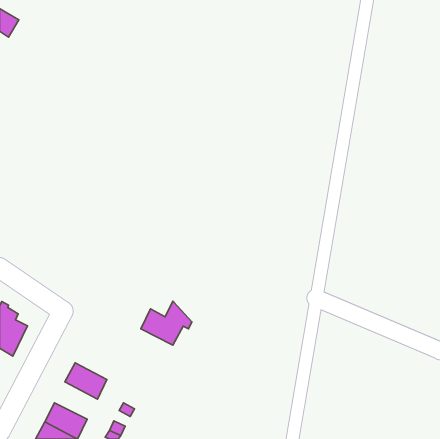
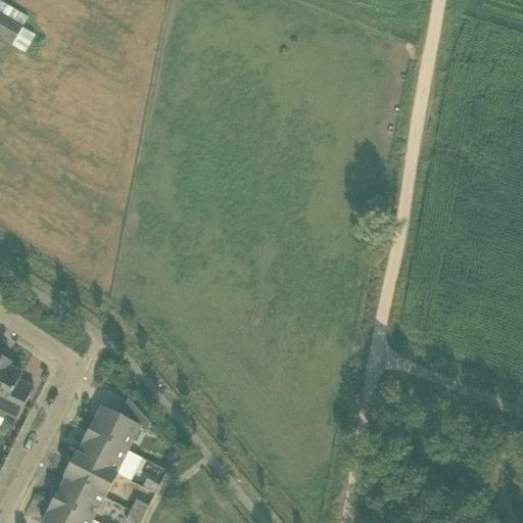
building: [141,301,192,345] -> [89,396,149,448]
building: none -> [63,451,116,496]

